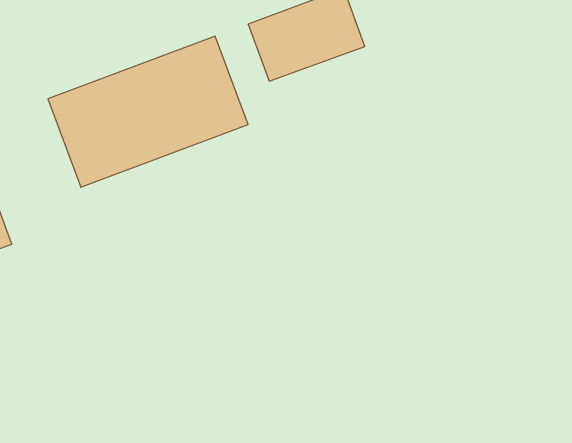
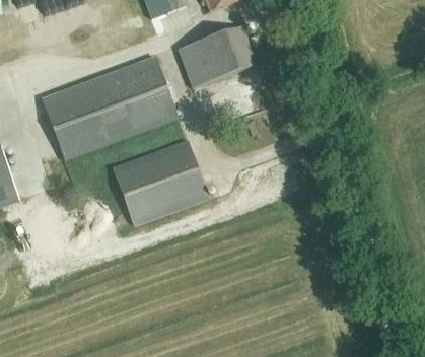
building: none -> [114,140,208,225]

